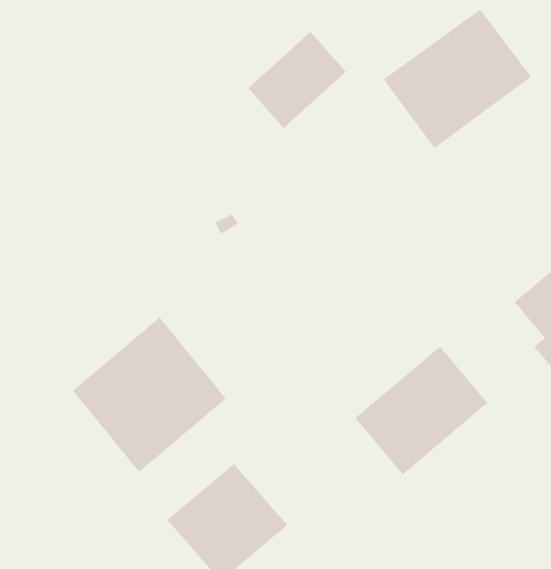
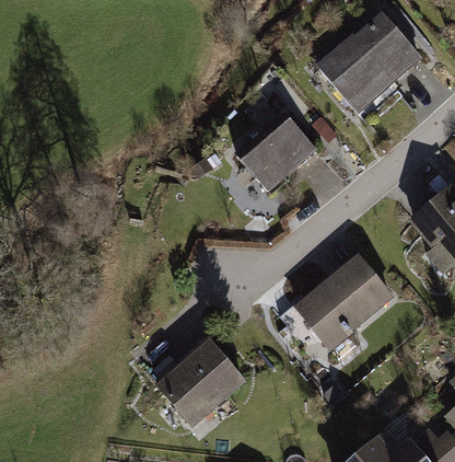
building: [247,31,347,129] -> [240,115,312,186]
building: [72,317,226,473] -> none

